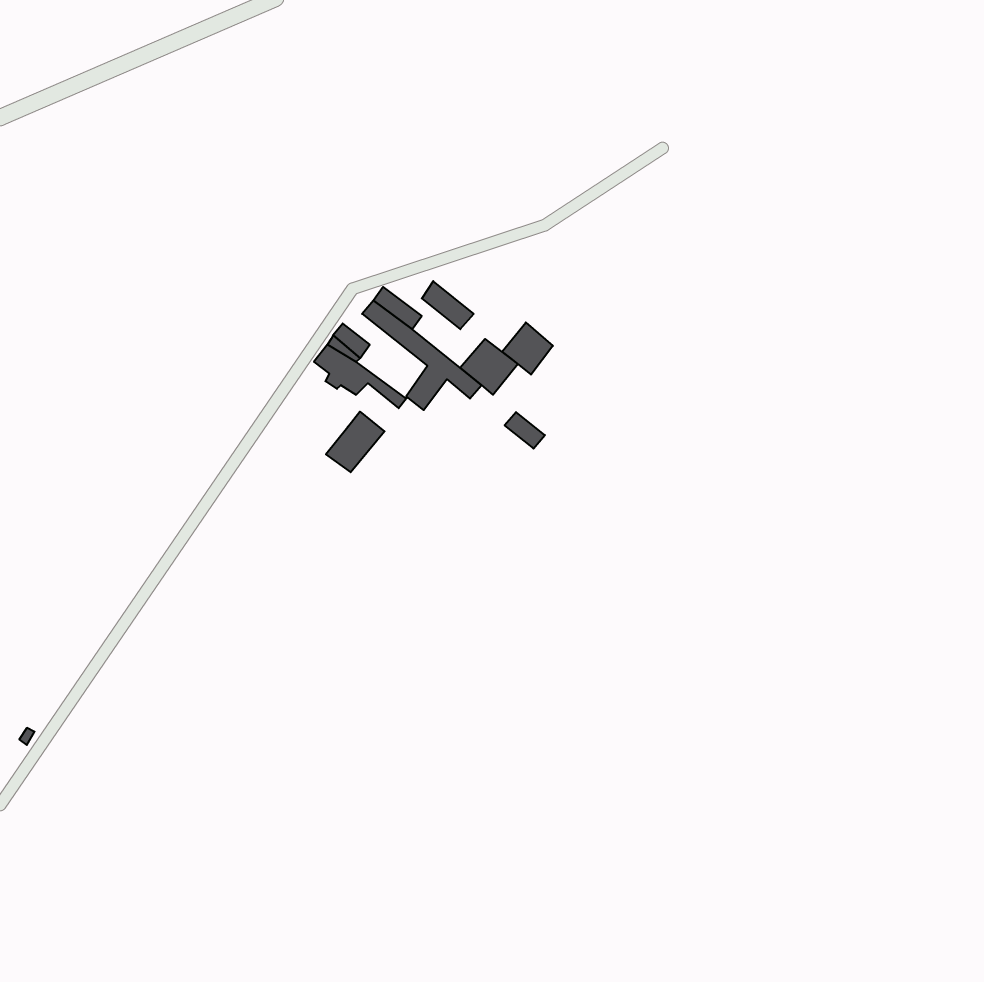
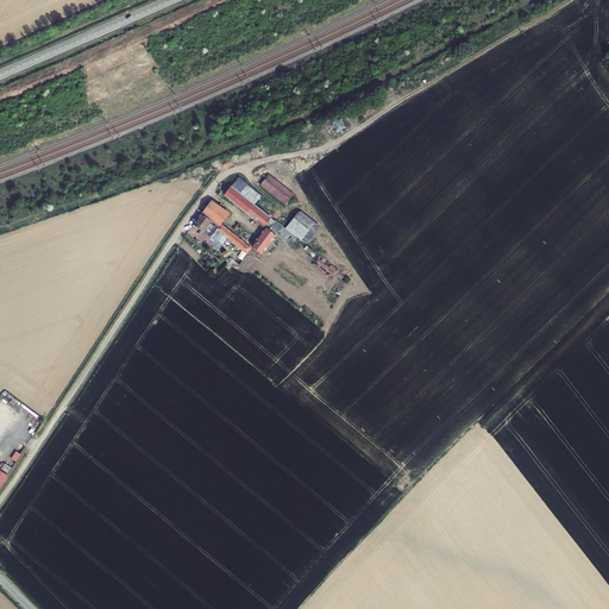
building: [502,322,553,375] -> none
building: [326,412,385,472] -> none

